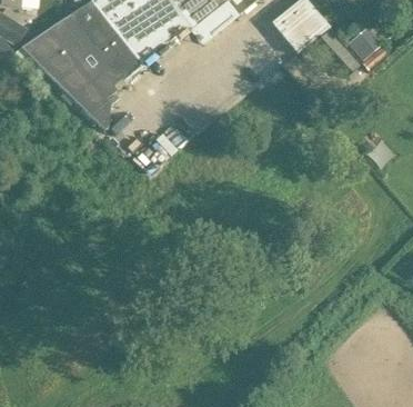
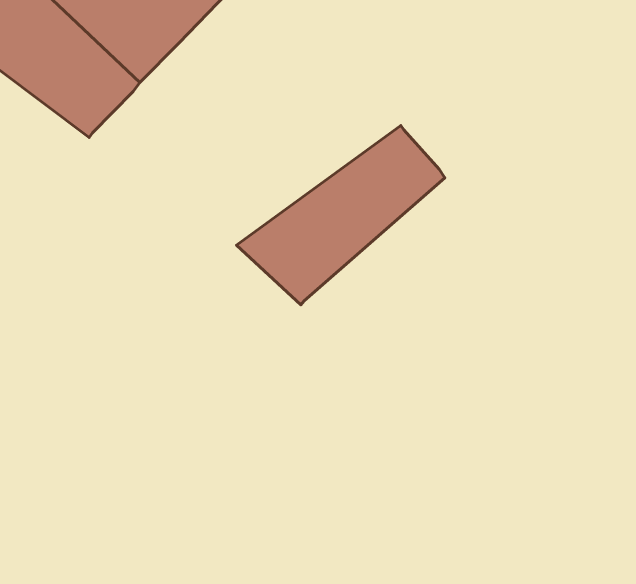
building: none -> [236,125,445,305]

